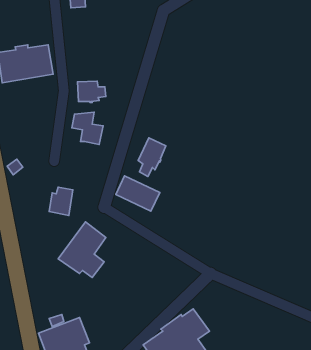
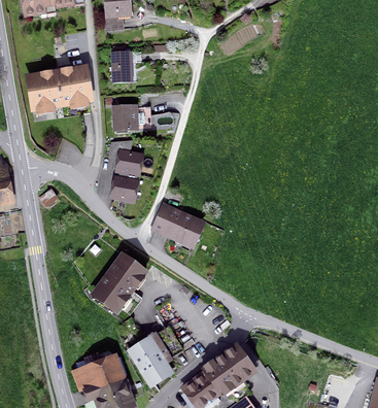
building: none -> [111,45,137,81]
building: [138,138,166,176] -> none
building: [49,187,73,215] -> [112,170,137,200]
building: none -> [130,326,183,384]

